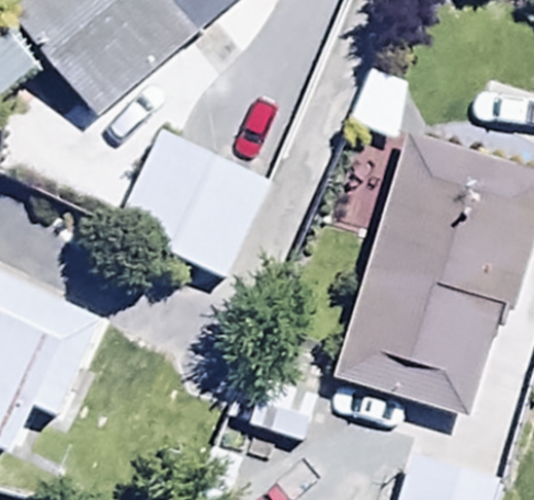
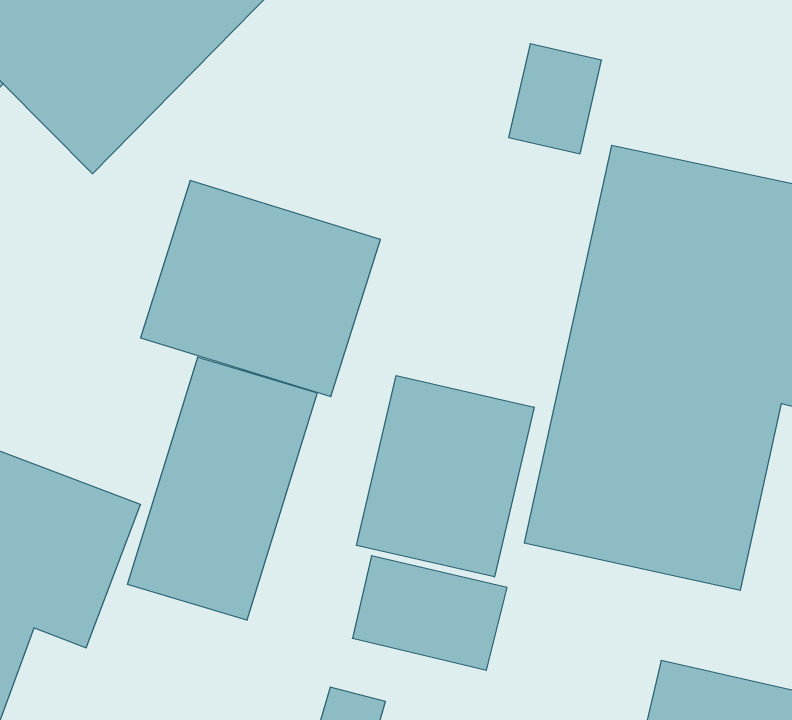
building: none -> [128,357,317,620]
building: none -> [356,376,534,577]

